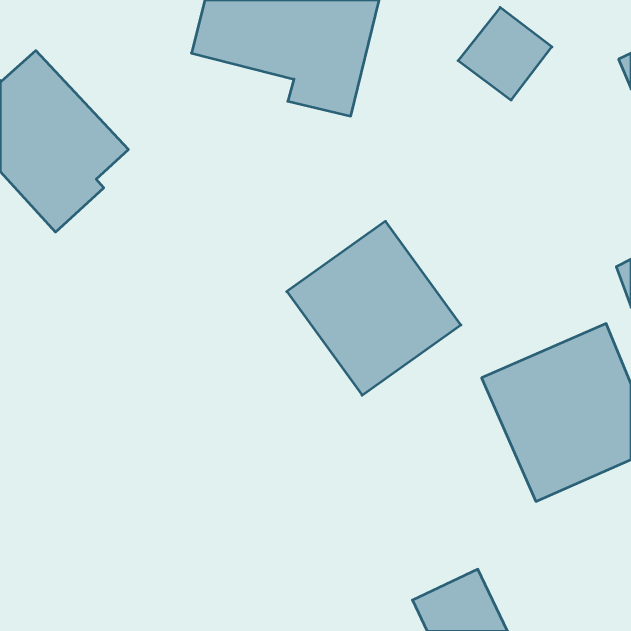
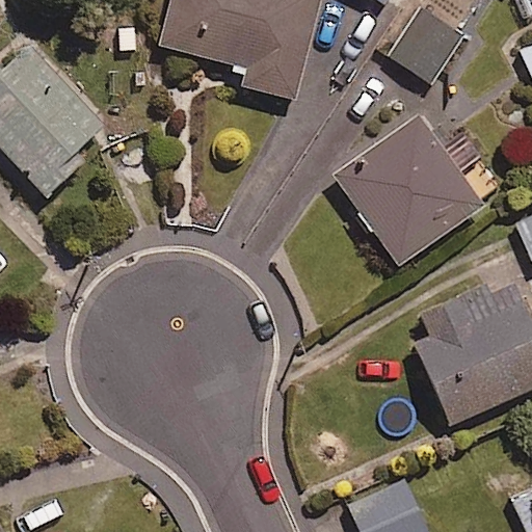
building: [287,221,461,395] -> [336,117,482,264]

